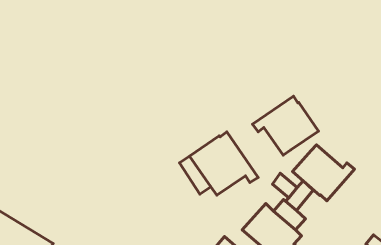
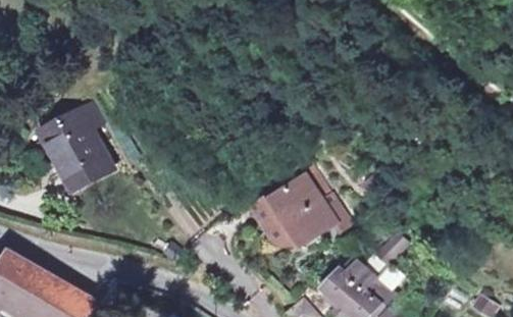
building: none -> [44,111,110,187]
building: [252,96,319,155] -> none
building: [293,145,354,201] -> none

